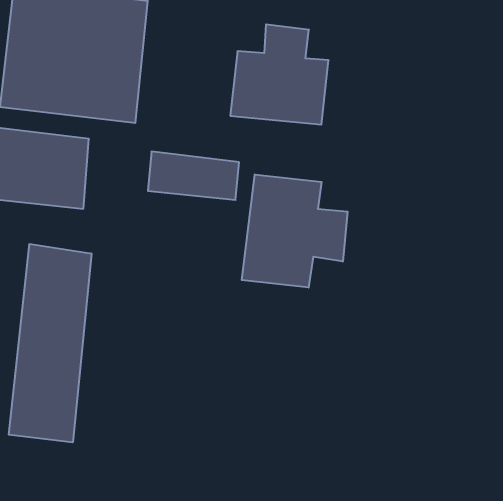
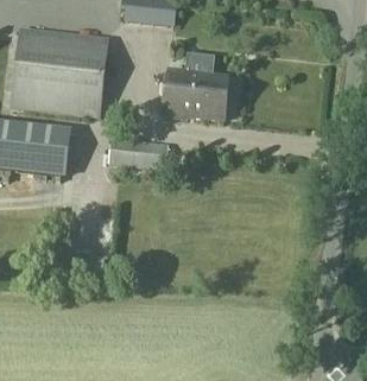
building: [242,174,348,288] -> none
building: [9,244,91,442] -> none

